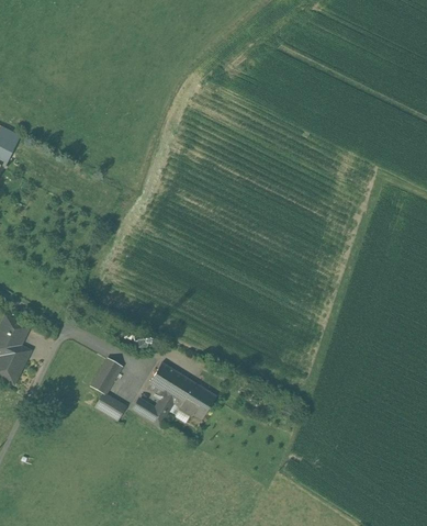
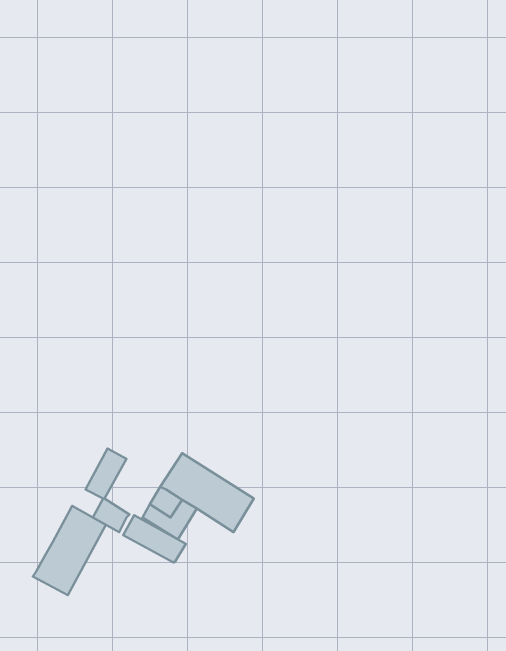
building: none -> [33,506,106,595]
building: none -> [123,515,186,562]

